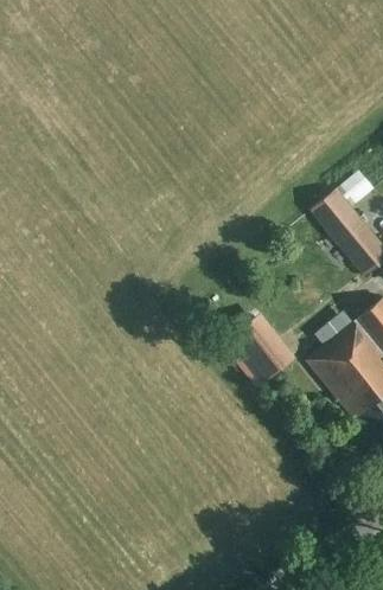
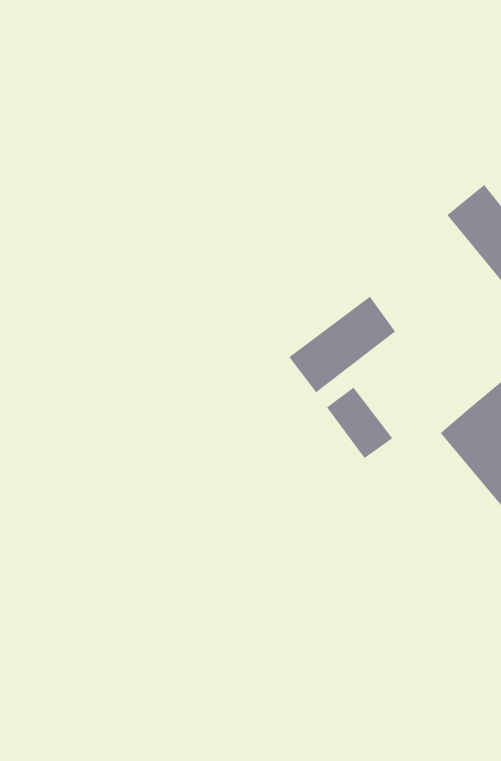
building: none -> [289,296,396,393]

